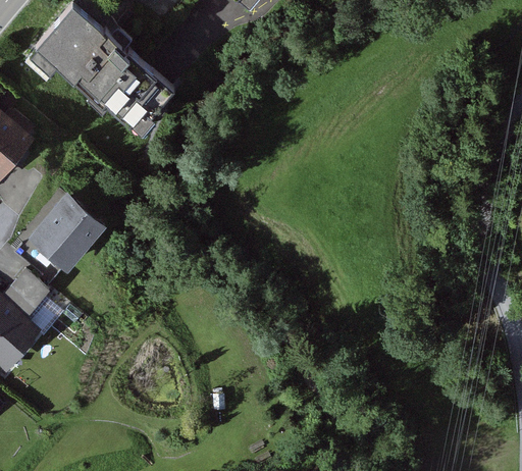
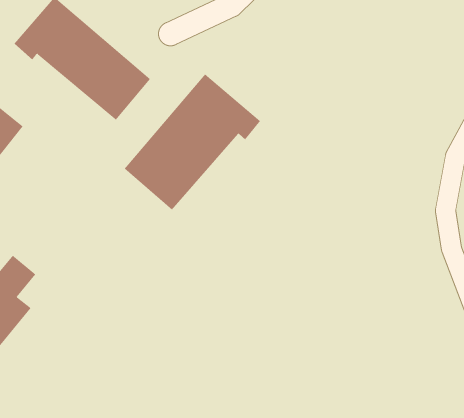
building: none -> [124,73,261,210]
building: [27,193,105,272] -> none

